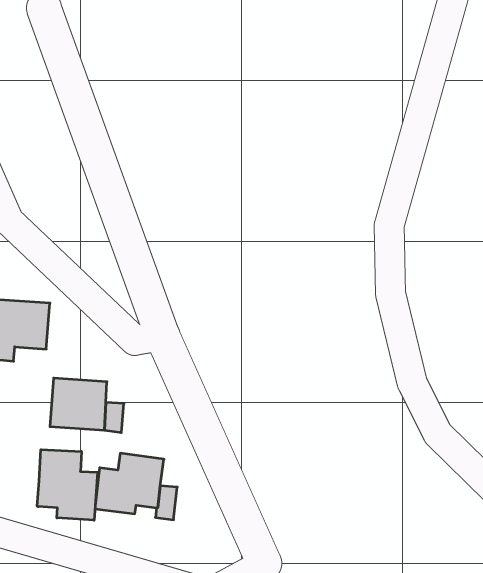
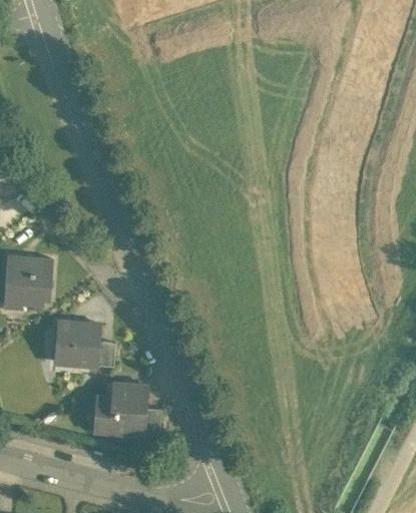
building: [37,450,97,520] -> none

